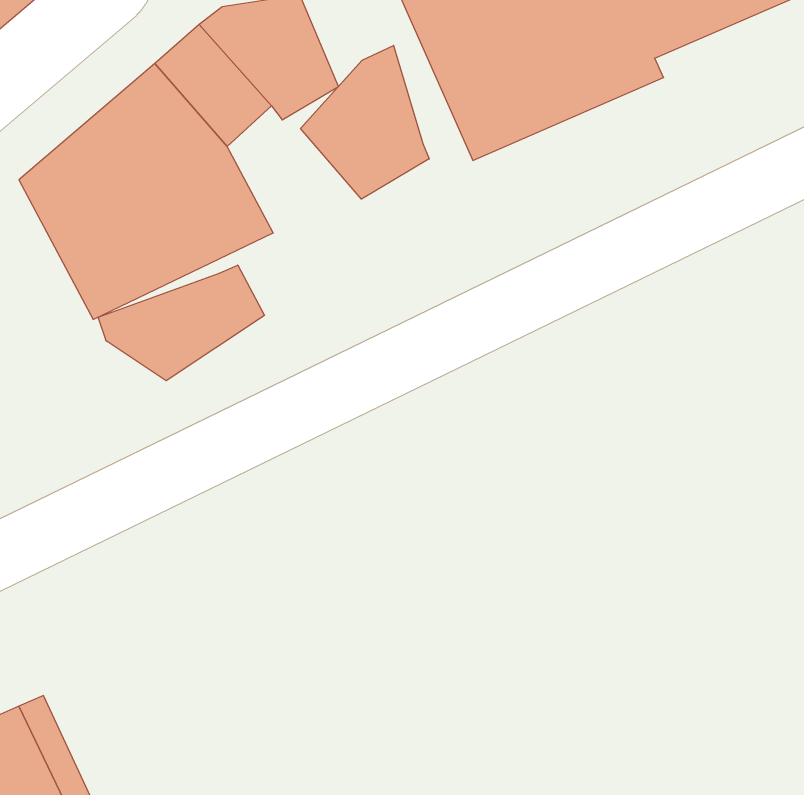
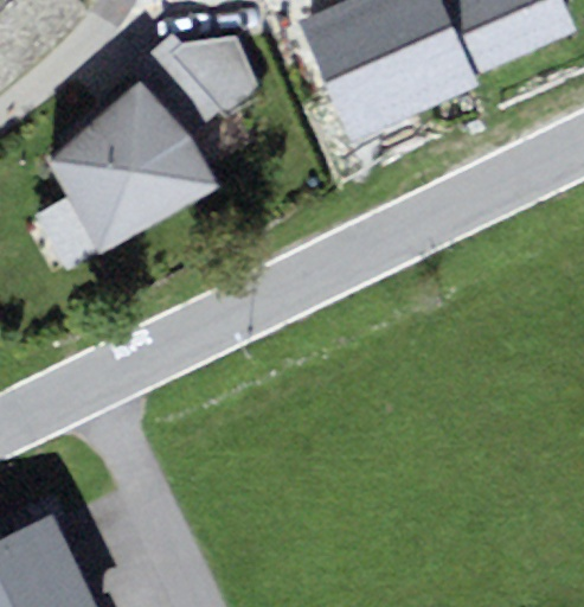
building: [301,45,429,199] -> none
building: [98,265,264,381] -> none

